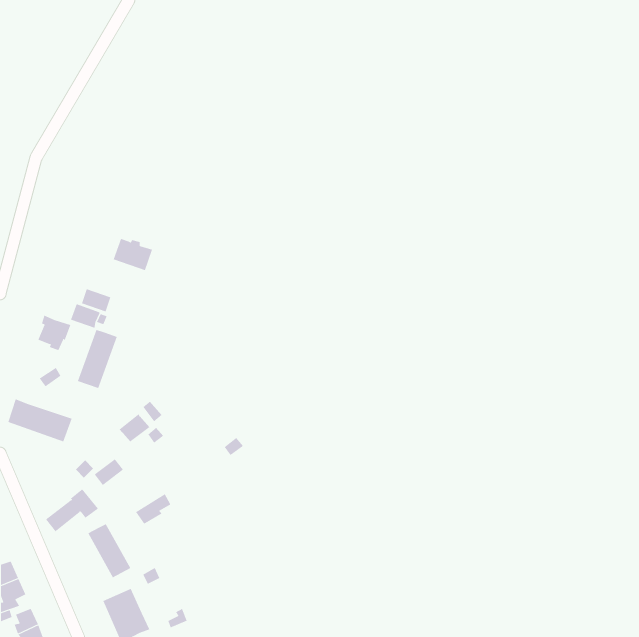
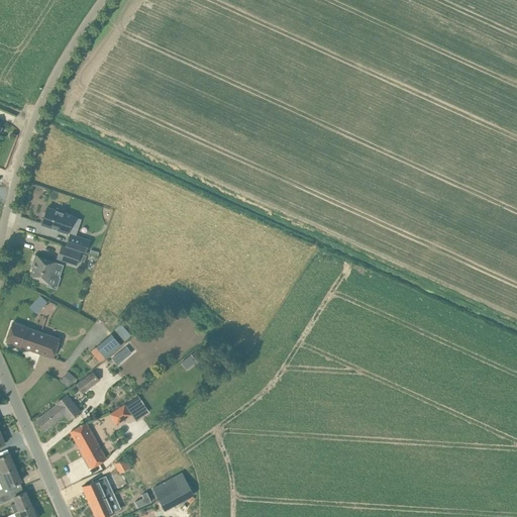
building: [113,238,153,271] -> [41,208,74,234]
building: [77,329,117,389] -> none
building: none -> [151,470,198,510]

